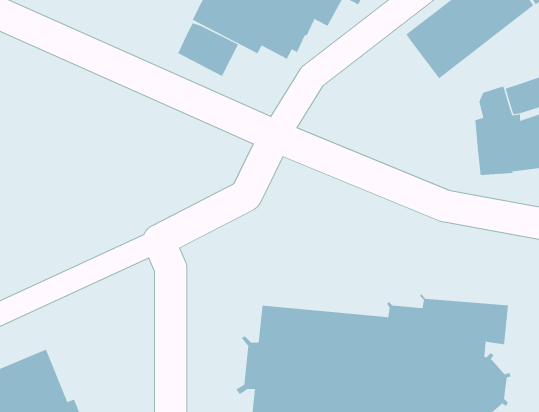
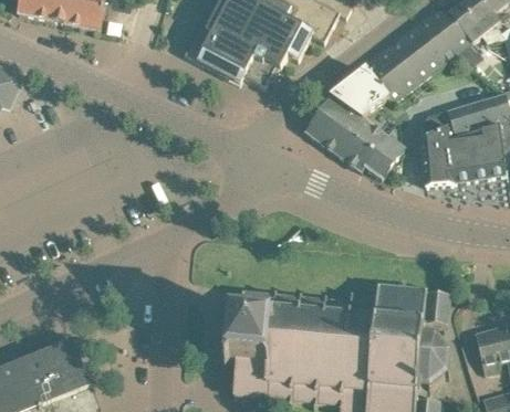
building: [177,23,239,77] -> none
building: none -> [305,68,403,178]

